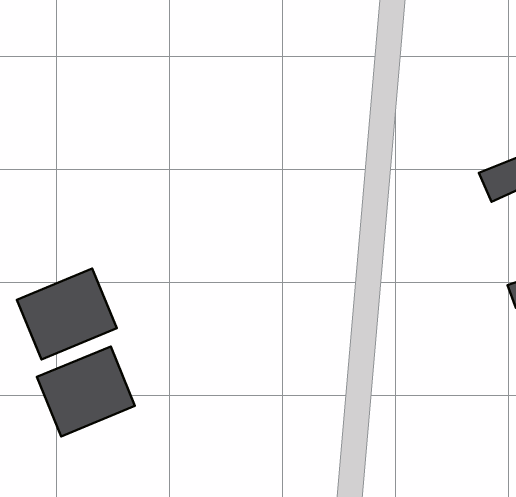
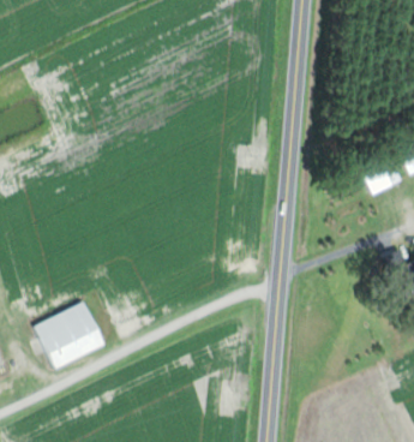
building: [17,268,117,359] -> none

